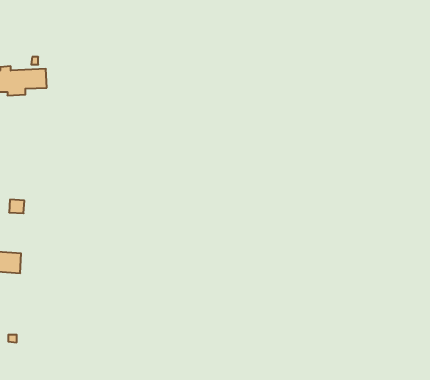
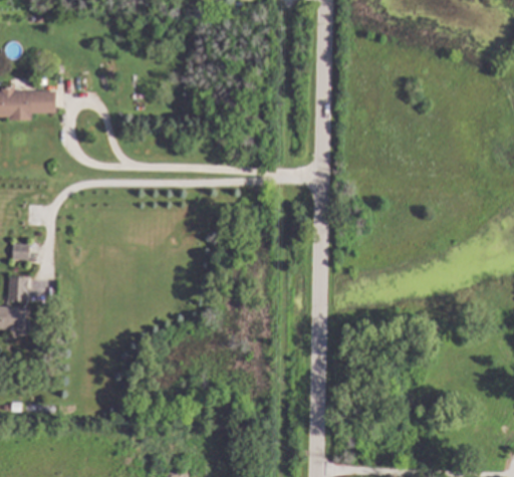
building: none -> [8,276,27,300]

